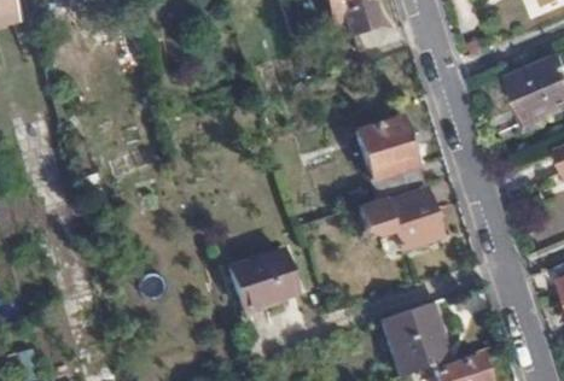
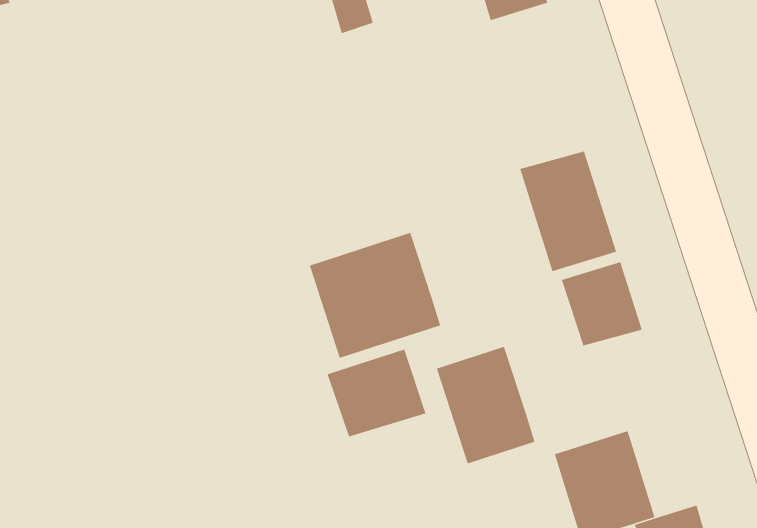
building: none -> [309,232,441,359]
building: none -> [436,346,536,465]

